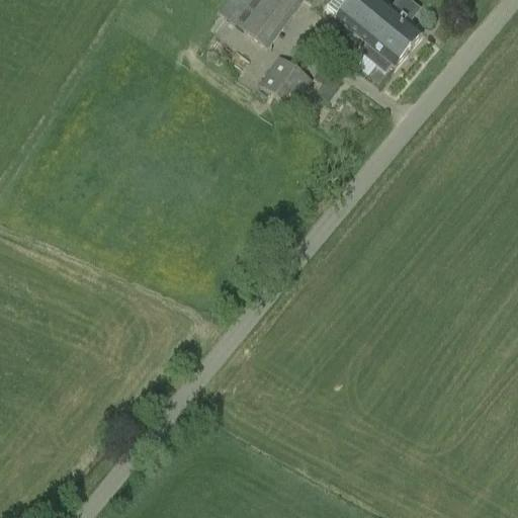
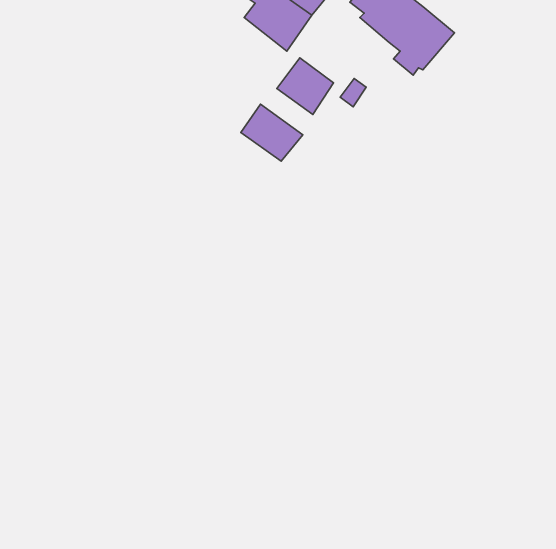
building: none -> [241,104,303,161]

